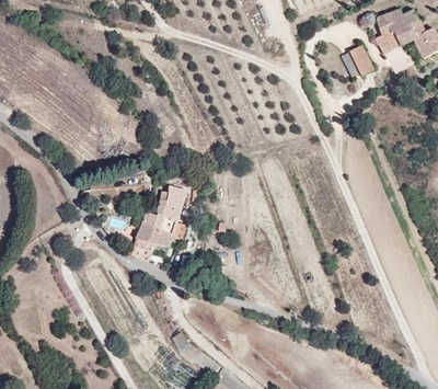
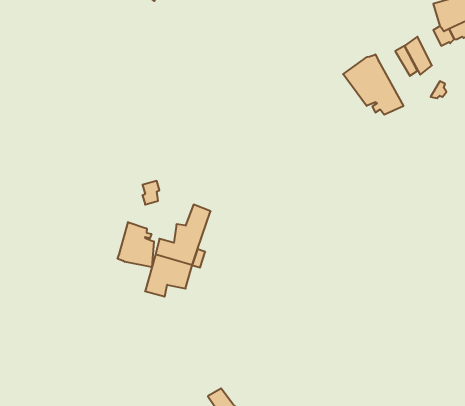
building: none -> [343,54,403,115]
building: none -> [118,222,154,267]

